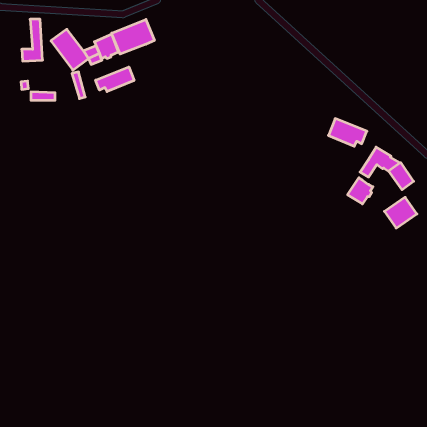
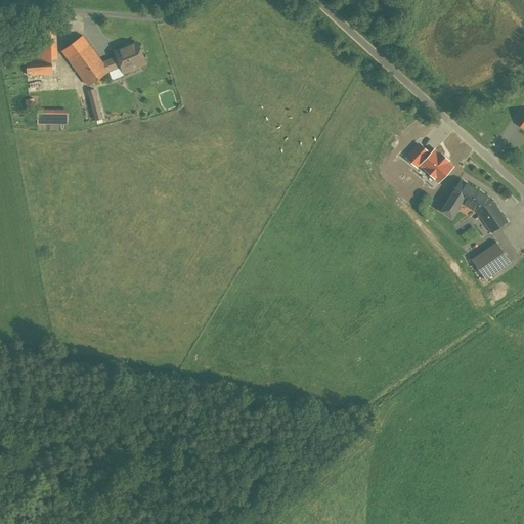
building: [112,19,154,54] -> none
building: [96,67,134,92] -> none
building: [348,178,373,204] -> none

